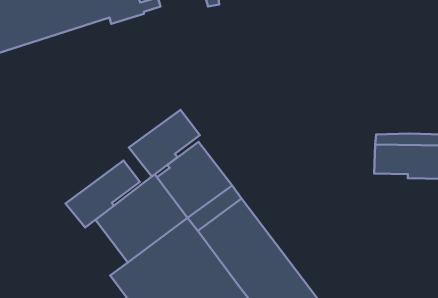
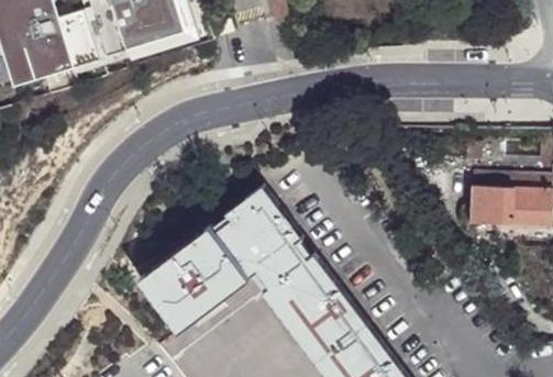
building: [129,110,200,176] -> none
building: [66,161,140,228] -> none

